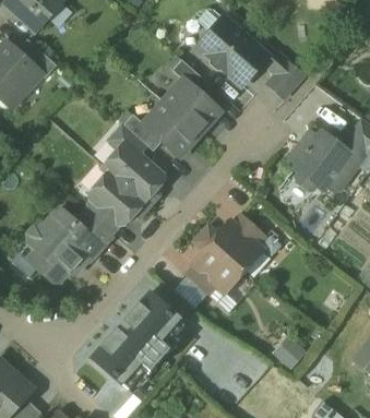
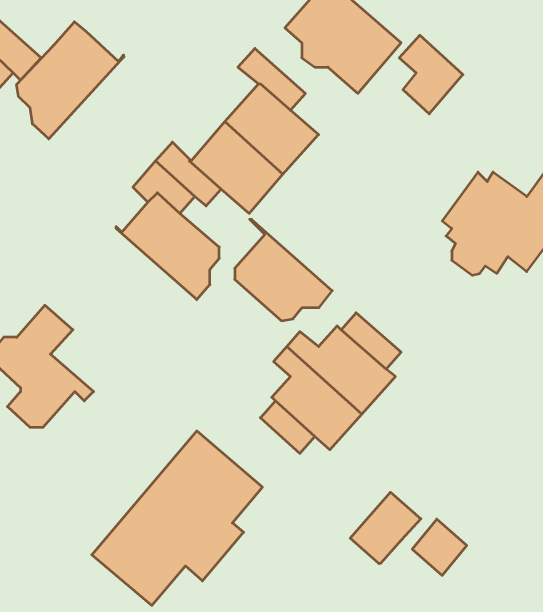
building: none -> [17,22,124,139]
building: [91,165,147,224] -> [235,219,332,321]
building: [62,212,111,261] -> none
building: none -> [350,492,421,564]

